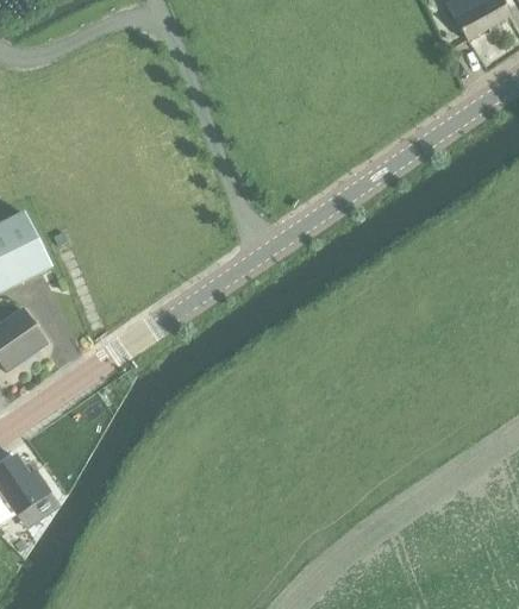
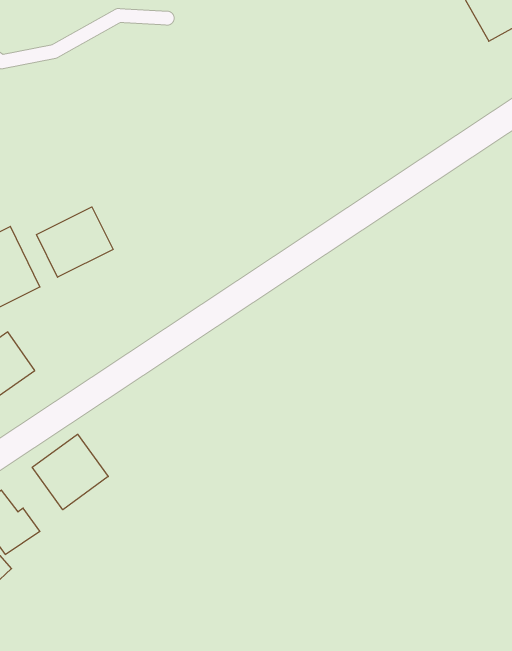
building: none -> [36,207,113,277]
building: none -> [32,434,108,510]

